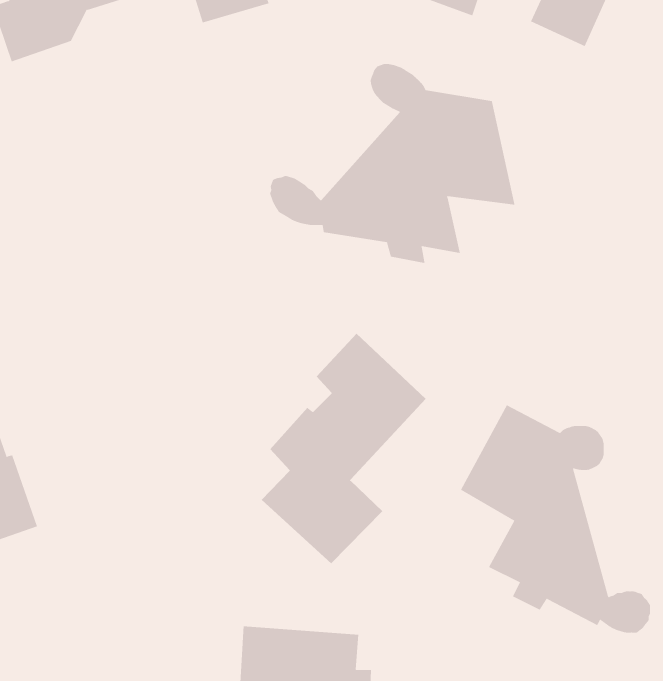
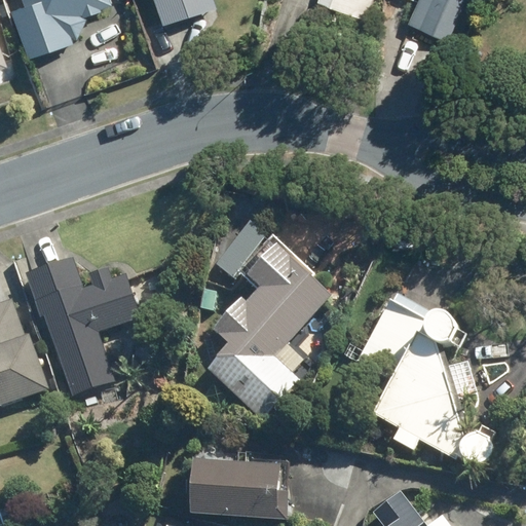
building: [269,63,515,264] -> none
building: none -> [24,257,137,391]

